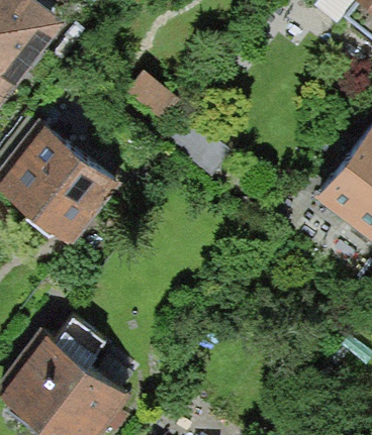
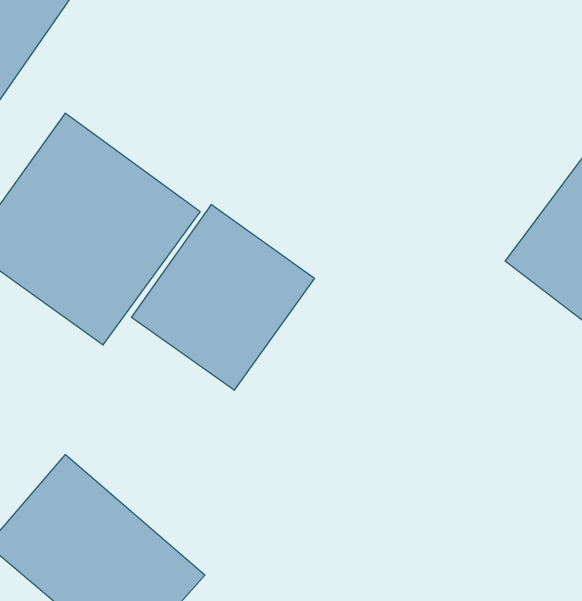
building: none -> [131,204,314,390]

